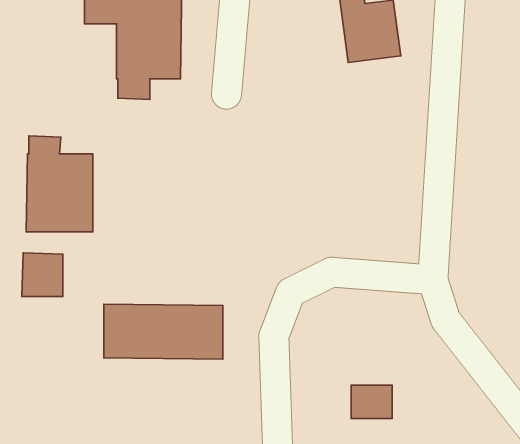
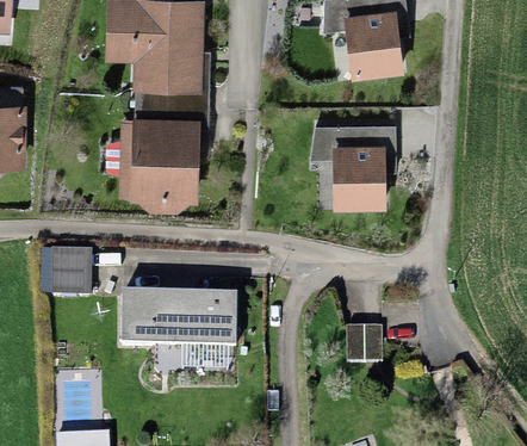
building: none -> [333,126,391,203]
building: [26,136,93,232] -> [136,106,198,196]
building: [351,385,392,419] -> [346,329,384,360]

